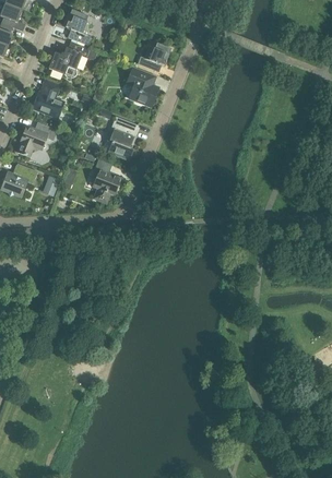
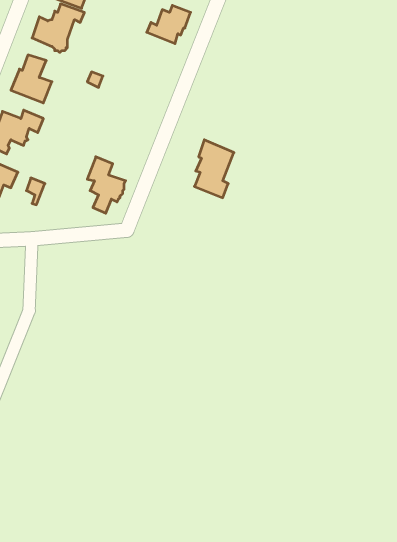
building: [127,69,155,105] -> none
building: [107,115,138,159] -> [194,140,234,198]

